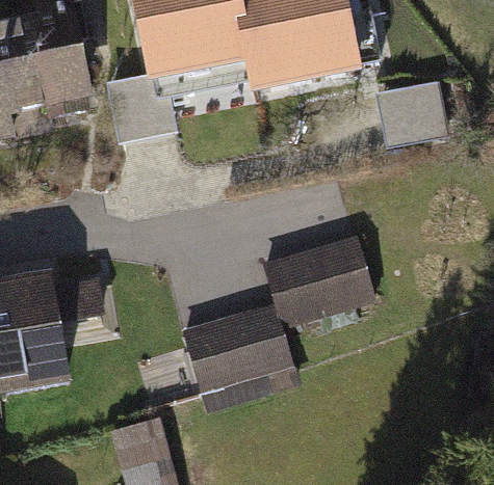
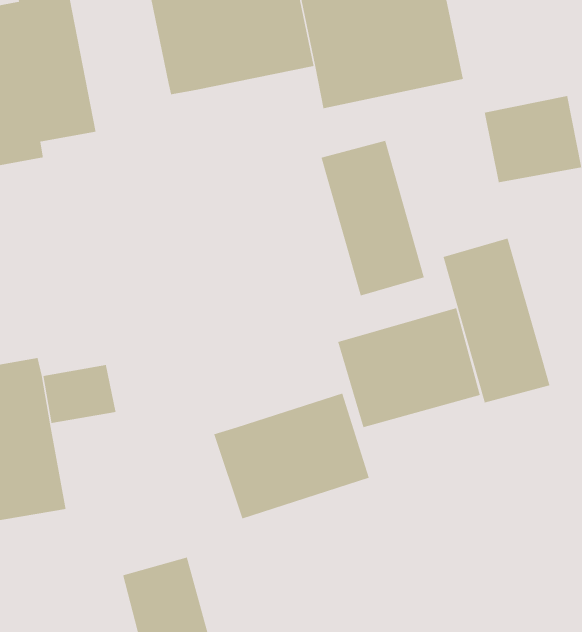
building: [106,74,177,142] -> none
building: none -> [320,140,425,296]
building: none -> [442,237,551,404]

